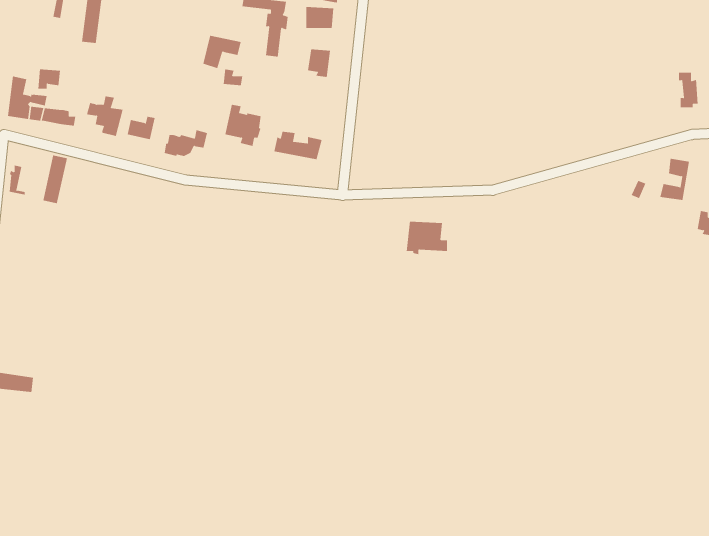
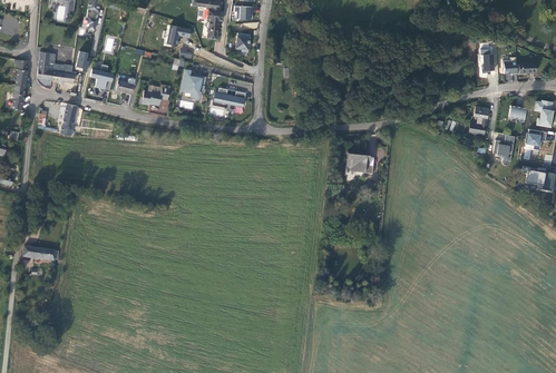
building: [406,221,448,255] -> [344,154,372,176]

